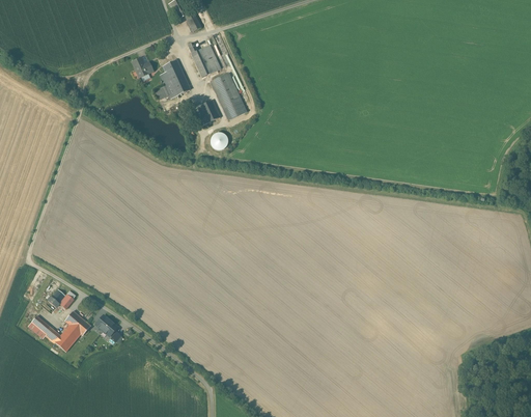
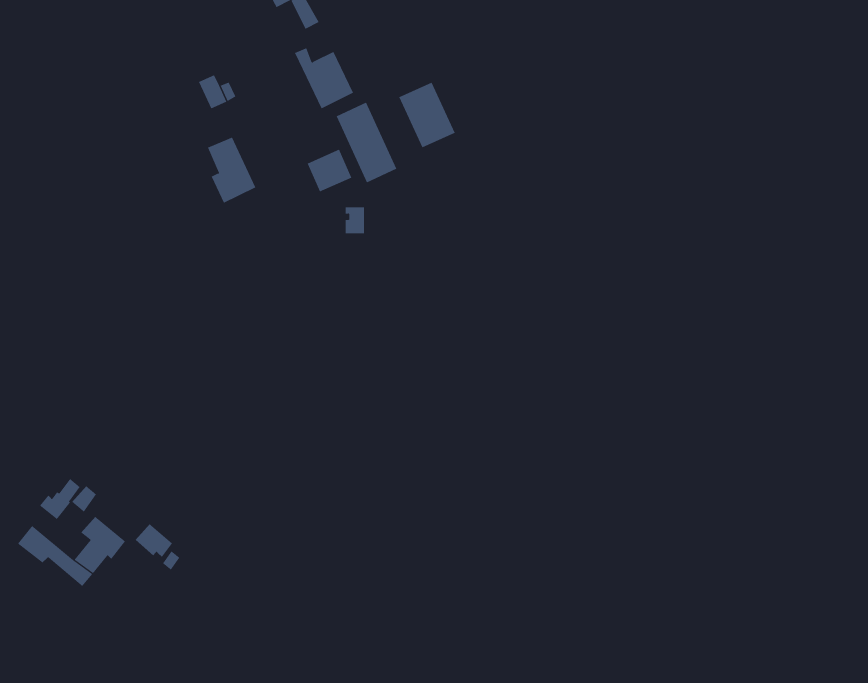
building: [161,59,189,98] -> [207,137,256,204]
building: none -> [399,82,455,148]

